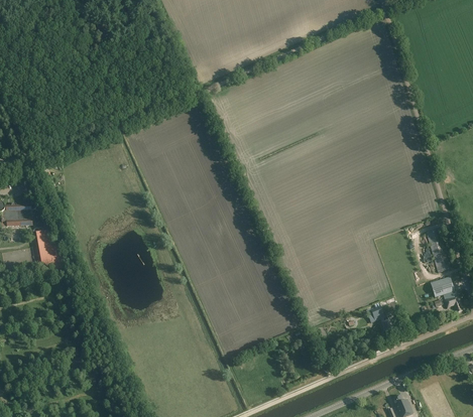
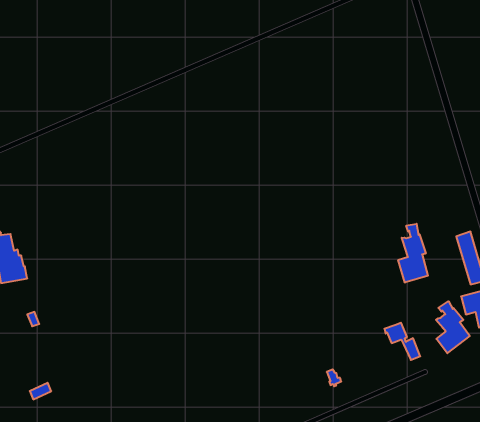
building: none -> [398,224,428,283]
building: none -> [436,301,470,353]

